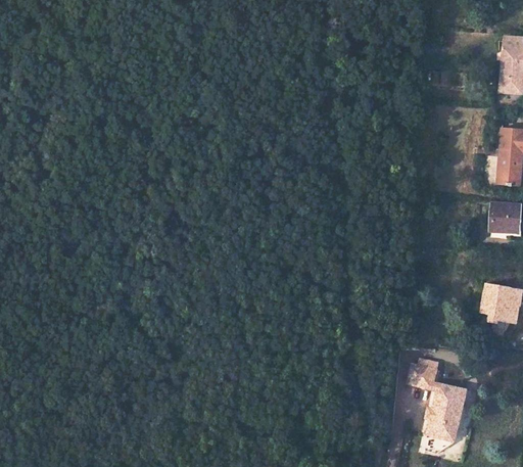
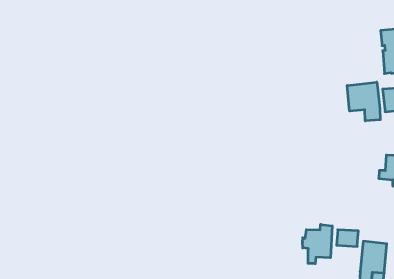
building: none -> [347,82,380,121]
building: none -> [303,224,332,264]

